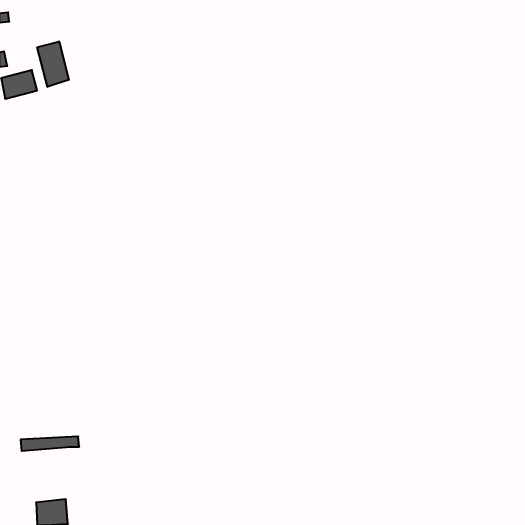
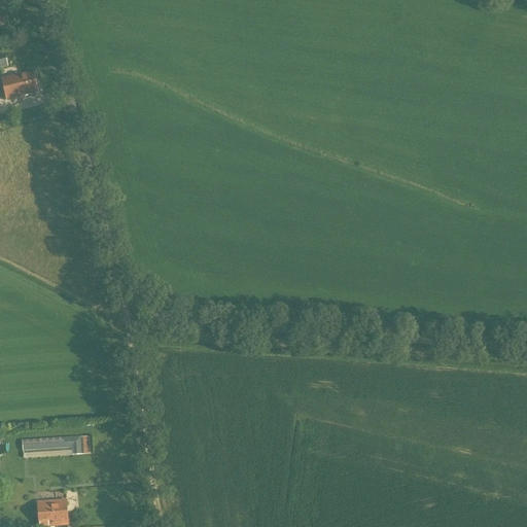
building: [37,41,69,87] -> none

